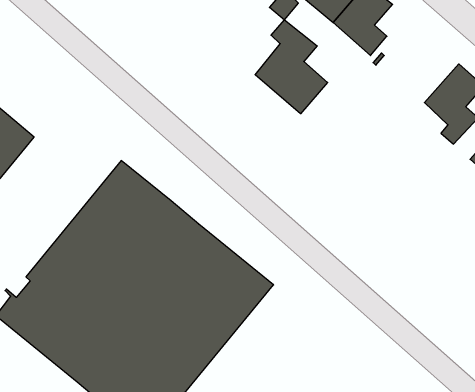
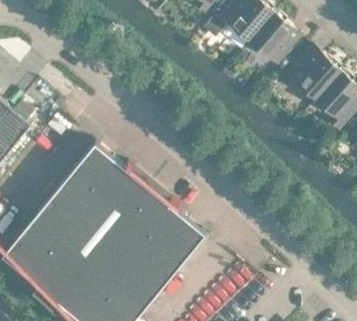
building: [255,20,328,114] -> none
building: none -> [283,55,341,99]

